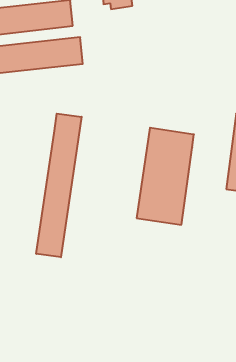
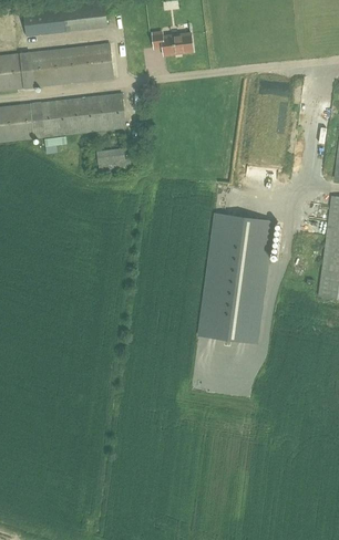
building: none -> [97,149,131,170]
building: [36,114,82,257] -> none

